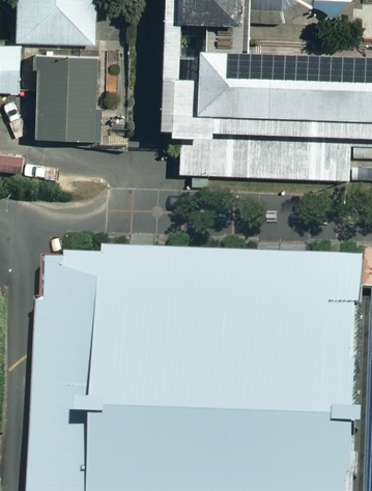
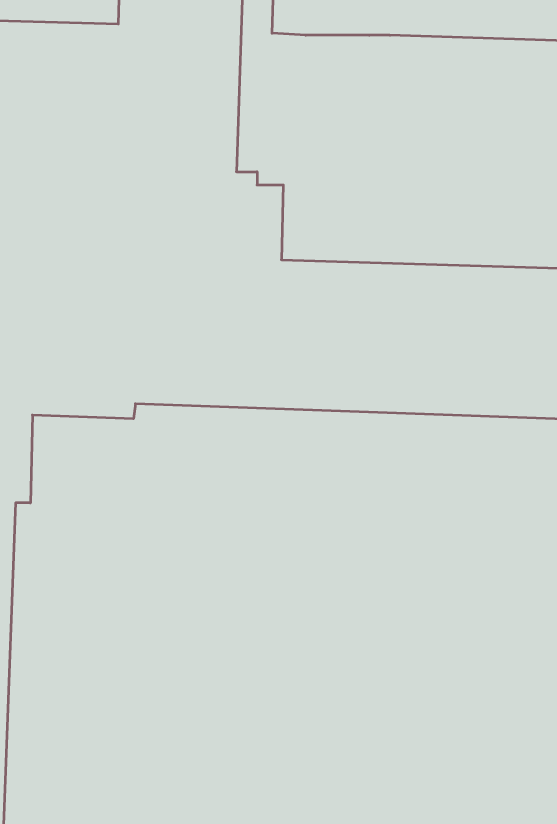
building: [44,56,96,142] -> none

